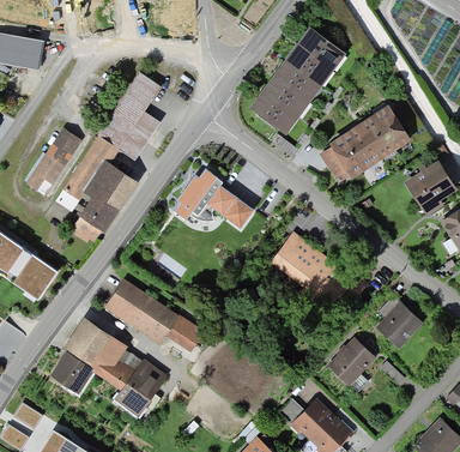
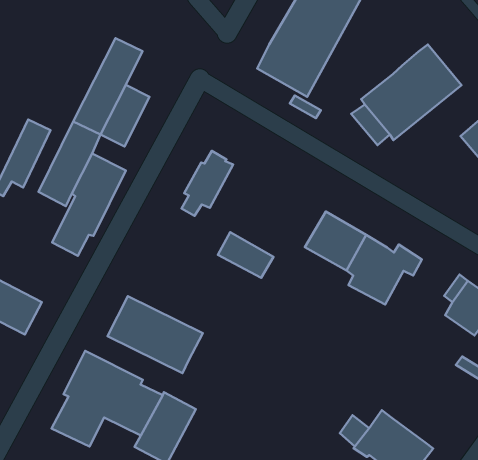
building: [208,188,253,228] -> [218,232,274,278]
building: [167,315,205,352] -> none
building: [328,336,374,381] -> none

